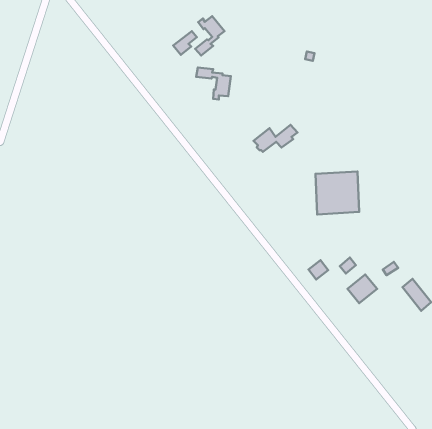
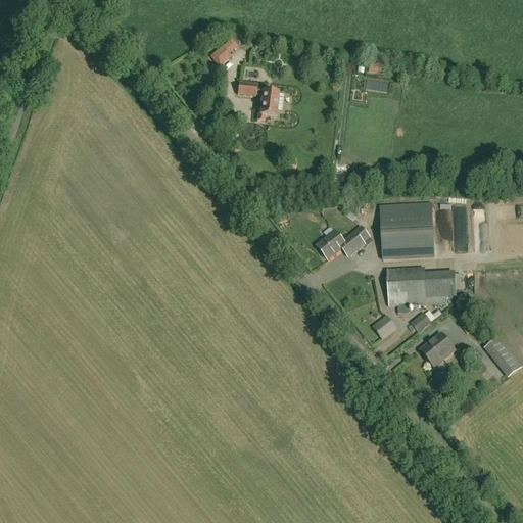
building: [195,16,224,55] -> none
building: [253,125,297,152] -> [317,226,370,258]
building: none -> [387,269,457,313]

